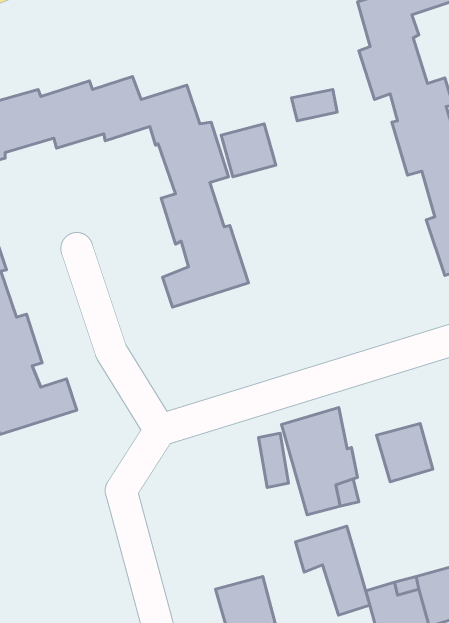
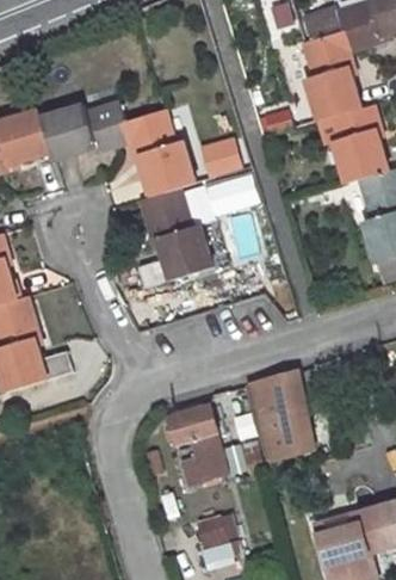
building: [377,424,433,482] -> none
building: [295,526,370,615] -> [163,407,225,481]

